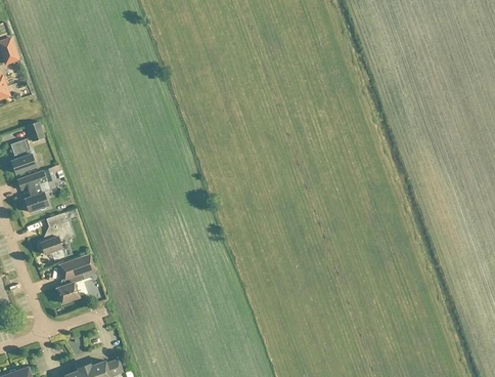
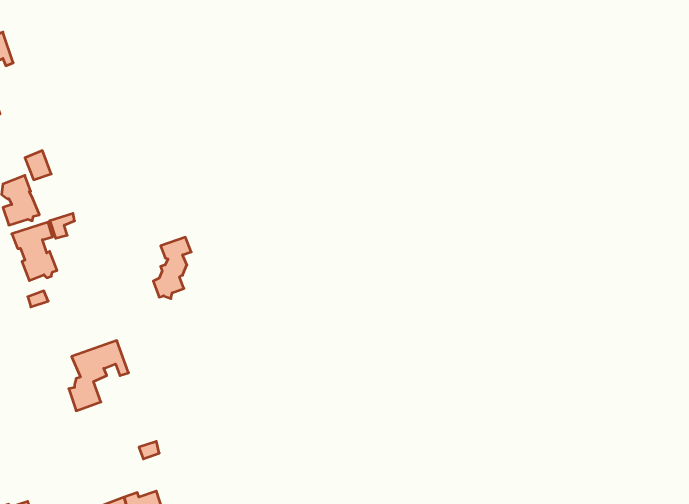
building: [40,212,66,255] -> [153,237,191,299]

